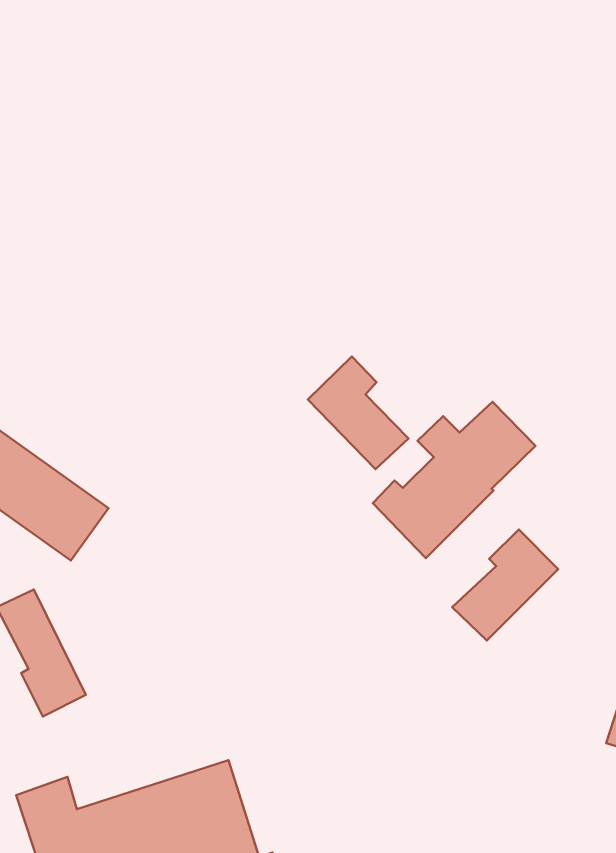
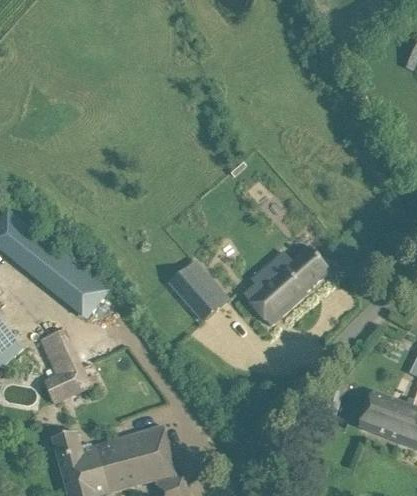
building: [308,357,409,469] -> [169,261,220,320]
building: [452,530,558,640] -> none

